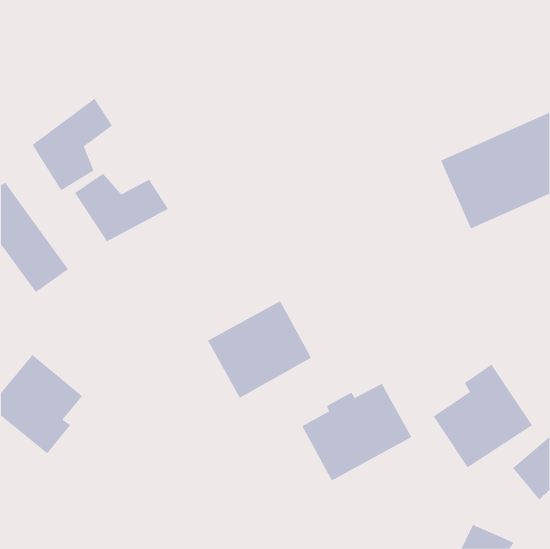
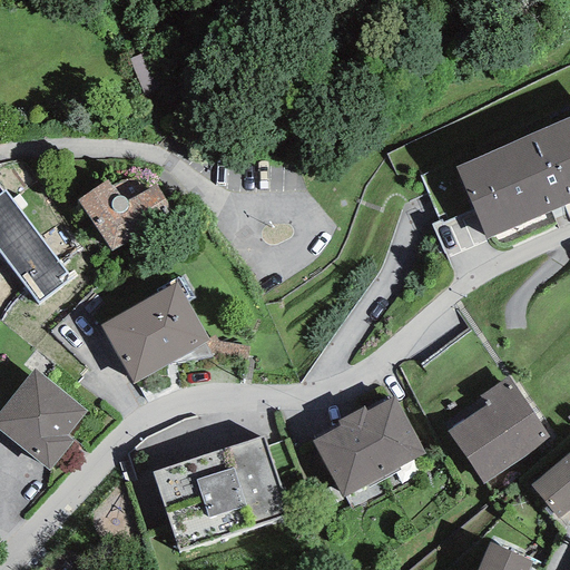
building: [32,98,113,191] -> none
building: [207,301,312,399] -> [99,282,207,383]
building: none -> [151,433,291,551]

